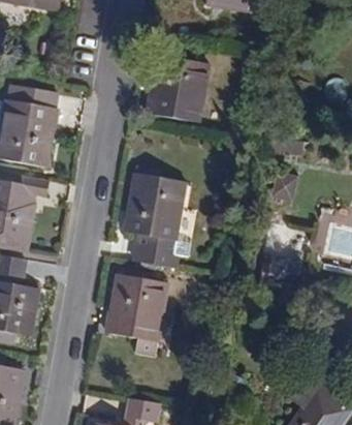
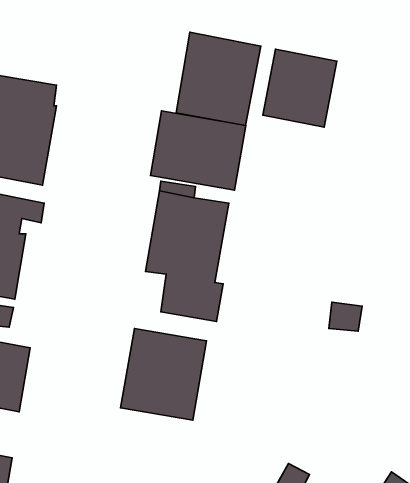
building: none -> [263,49,337,127]
building: none -> [150,111,246,190]

